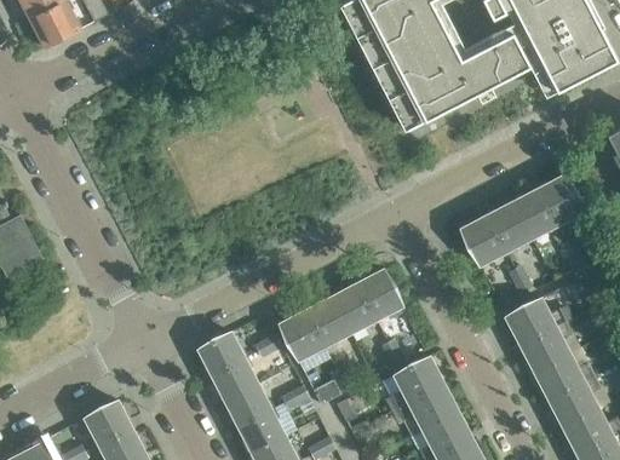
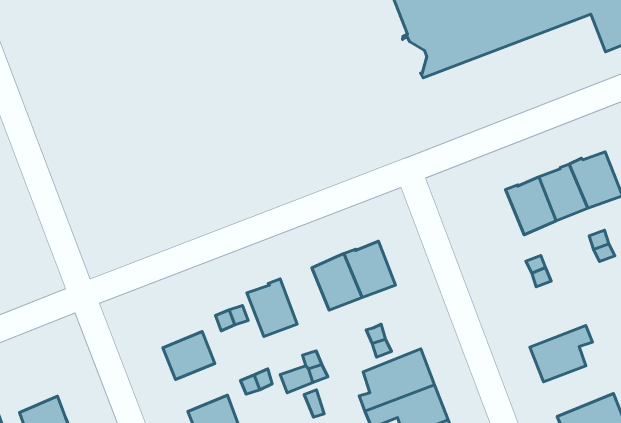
building: [460,215,505,265] -> none
building: [305,298,349,346] -> none
building: [505,299,564,345] -> none
building: [197,332,245,378] -> none
building: [534,356,593,401] -> none
building: [226,386,271,429] -> none
building: [86,402,130,444] -> none

